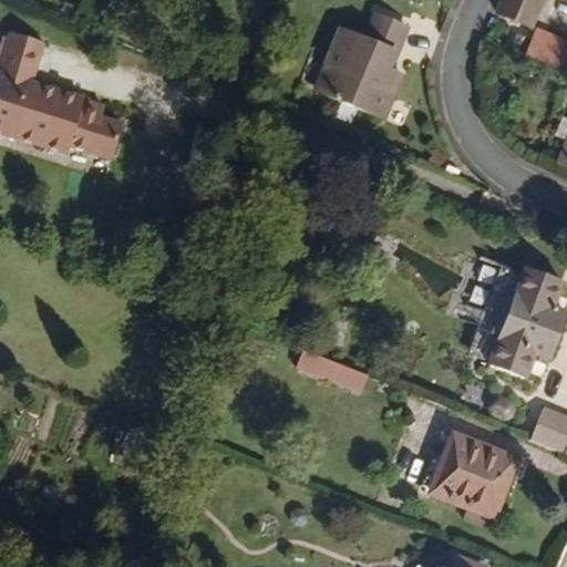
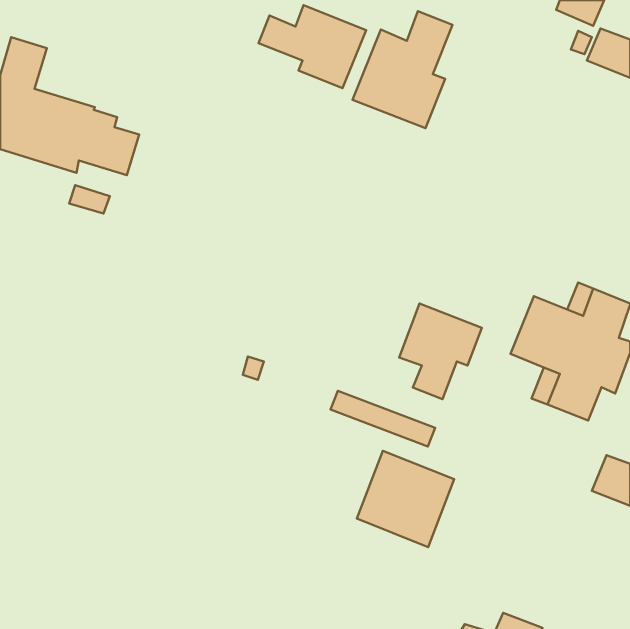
building: none -> [258,5,366,88]
building: none -> [399,303,482,399]
building: [430,431,517,517] -> [357,451,454,547]

